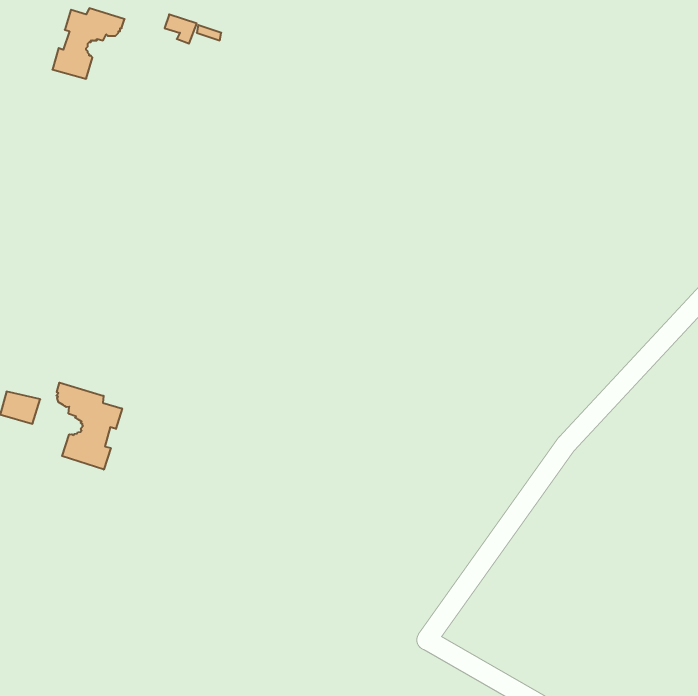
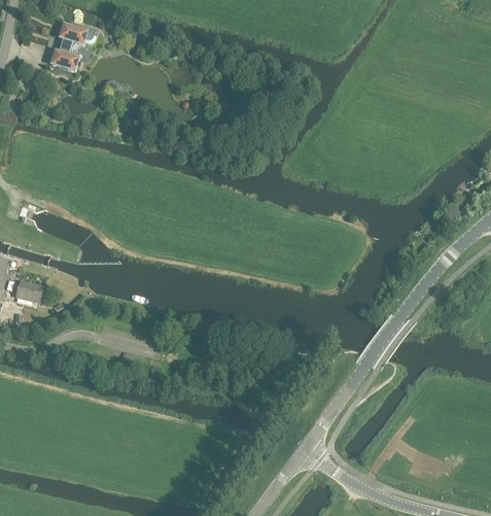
building: [56,383,122,470] -> none

